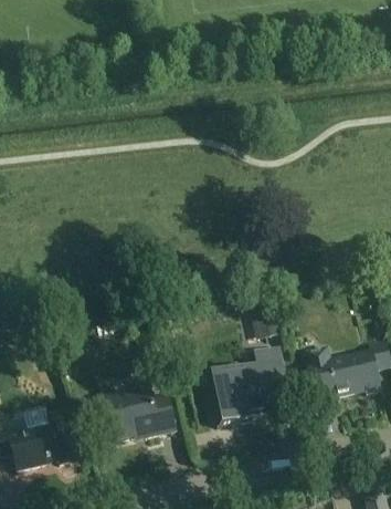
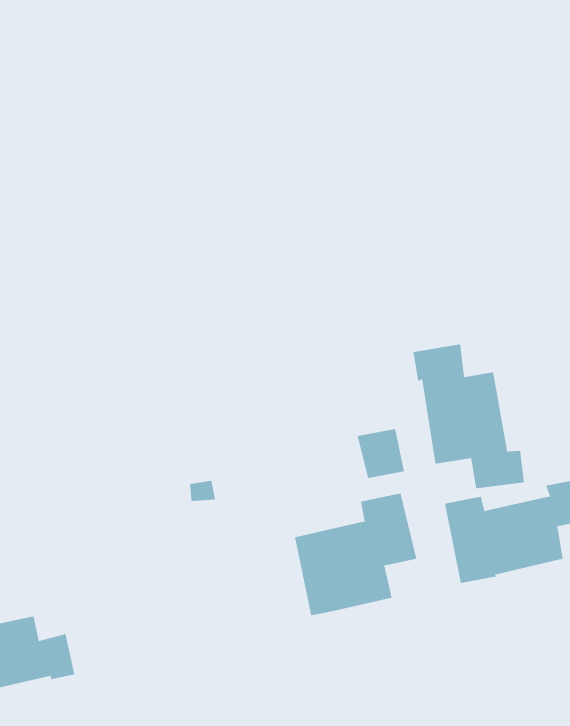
building: none -> [413,344,524,489]
building: [106,383,175,438] -> none

